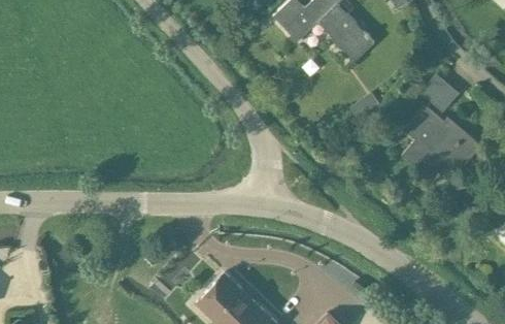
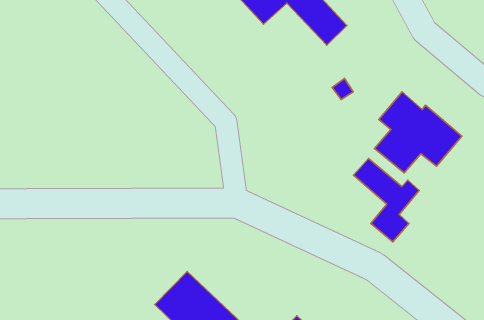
building: [418,72,459,111] -> none
building: none -> [353,159,419,242]

